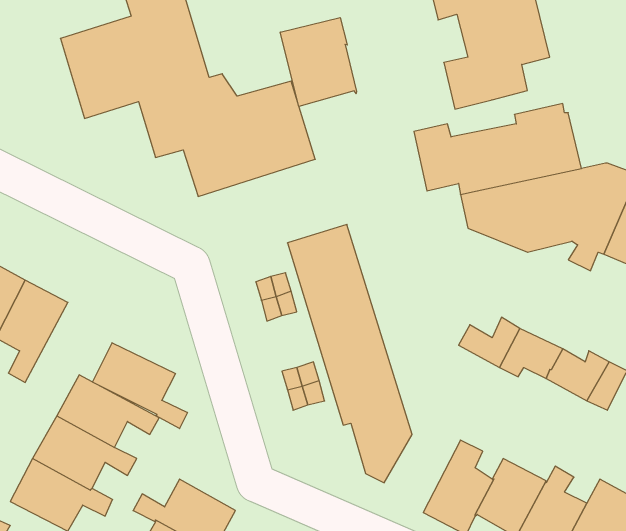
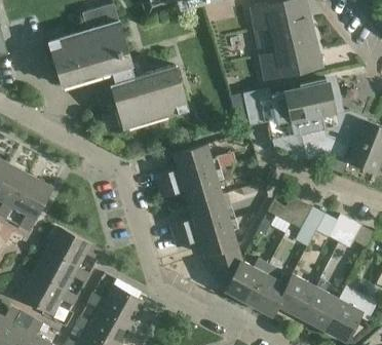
building: [280,18,357,106] -> none
building: [93,343,187,429] -> none
building: none -> [225,257,269,303]

